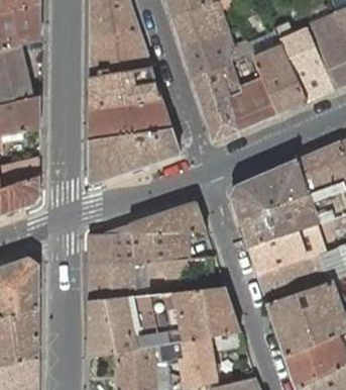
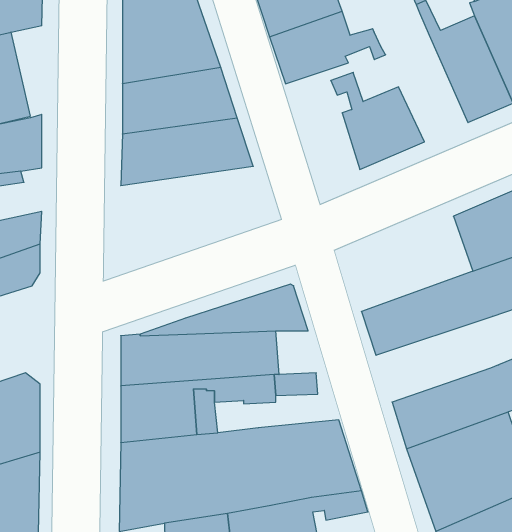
building: [247,32,306,113] -> none
building: [192,64,238,140] -> none
building: [89,128,180,184] -> none
building: [231,160,309,219] -> none
building: [248,222,325,276] -> none

